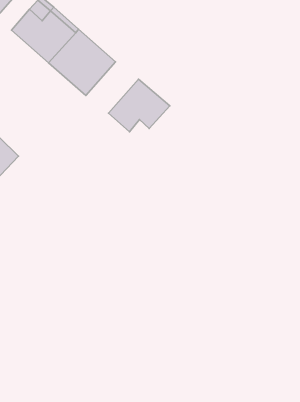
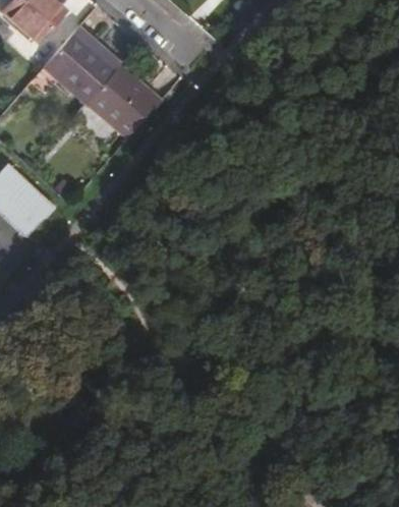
building: [108,79,170,132] -> none

